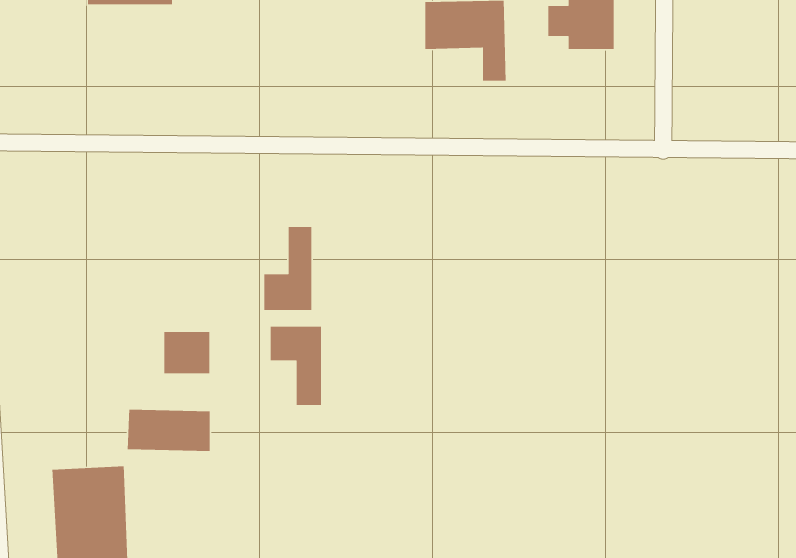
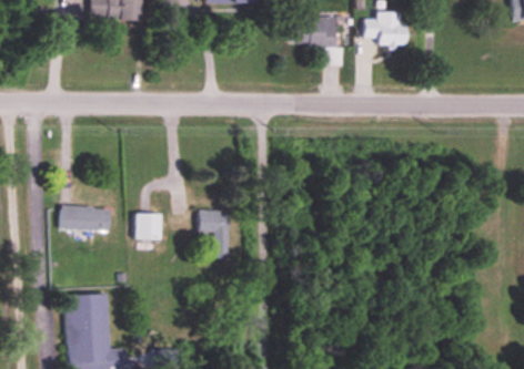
building: [263,226,312,311] -> none
building: [127,409,211,452] -> [62,206,112,232]

